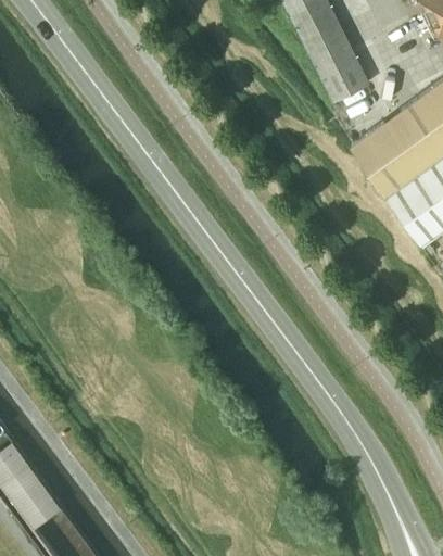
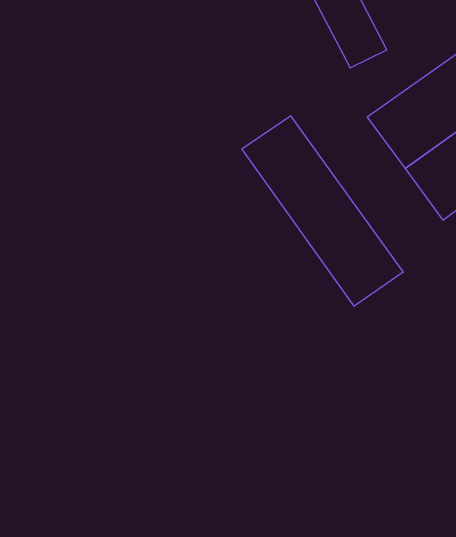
building: none -> [242,116,403,306]

